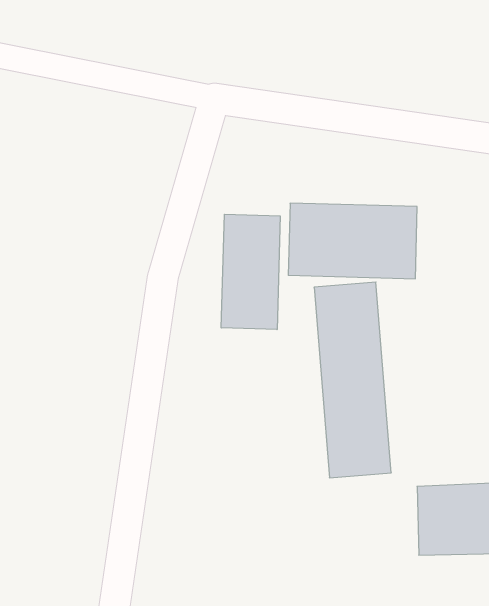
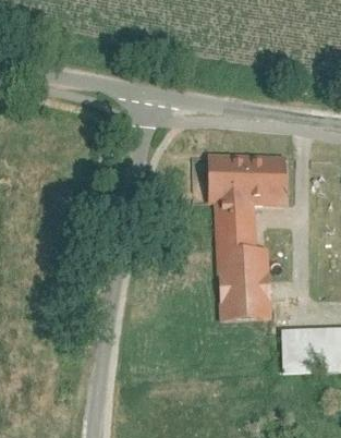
building: [221,214,280,330] -> none

